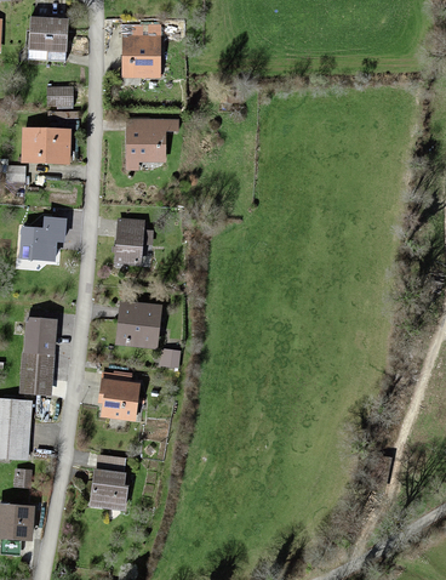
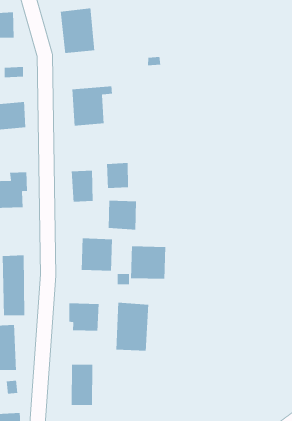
building: none -> [106,162,129,189]
building: none -> [108,200,137,230]
building: none -> [130,246,166,280]
building: none -> [116,302,149,351]

